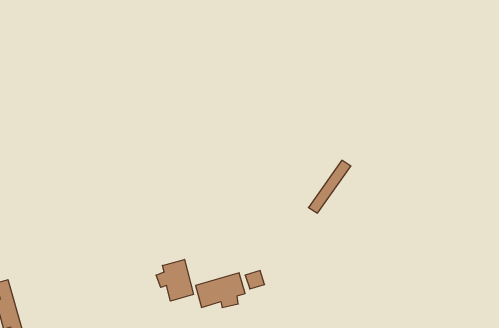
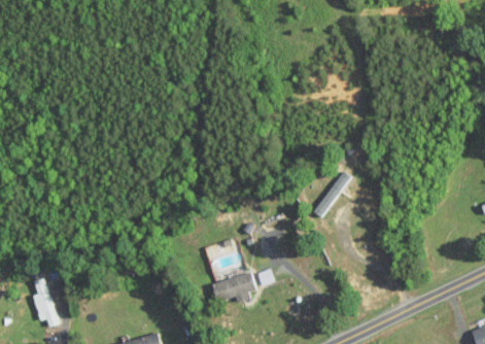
building: [156,259,194,301] -> none

